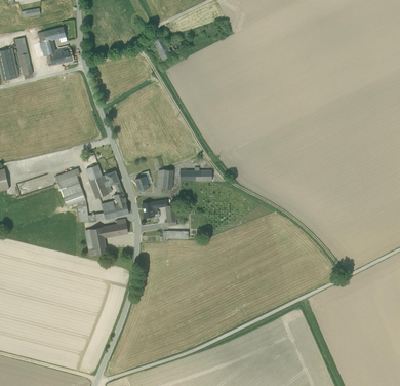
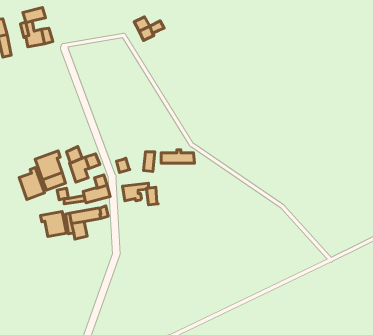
building: none -> [19,168,44,199]
building: none -> [41,211,66,236]

